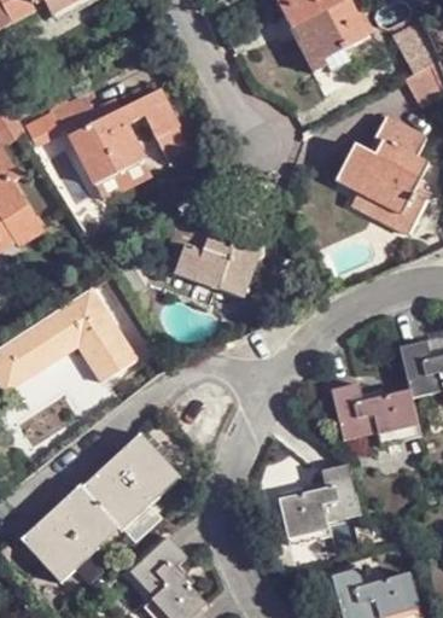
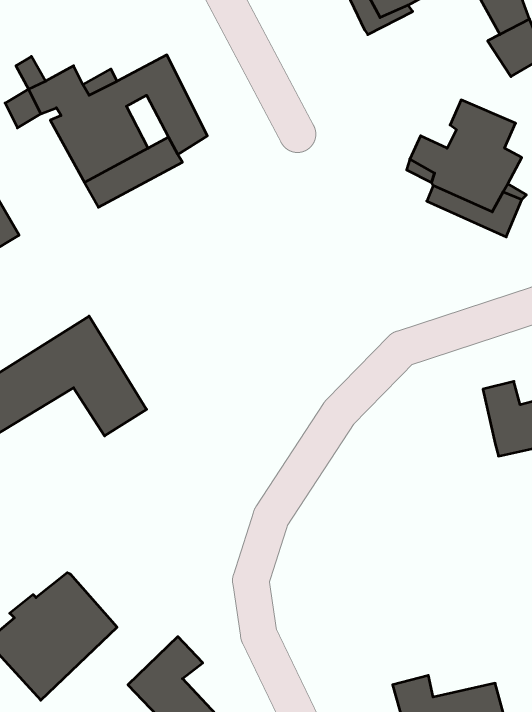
building: [173,221,269,297] -> none
building: [331,384,420,445] -> none
building: [80,437,176,536] -> none
building: [276,465,360,543] -> none

